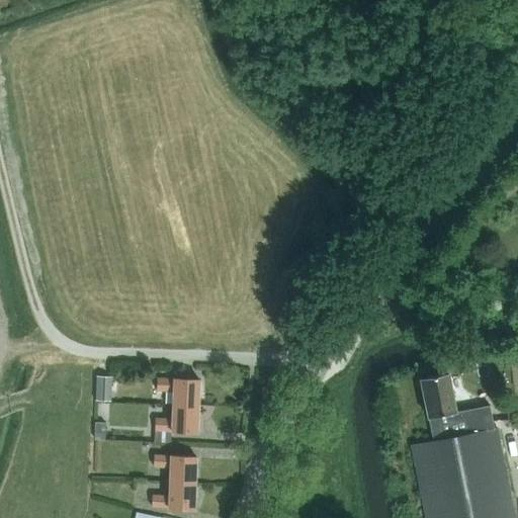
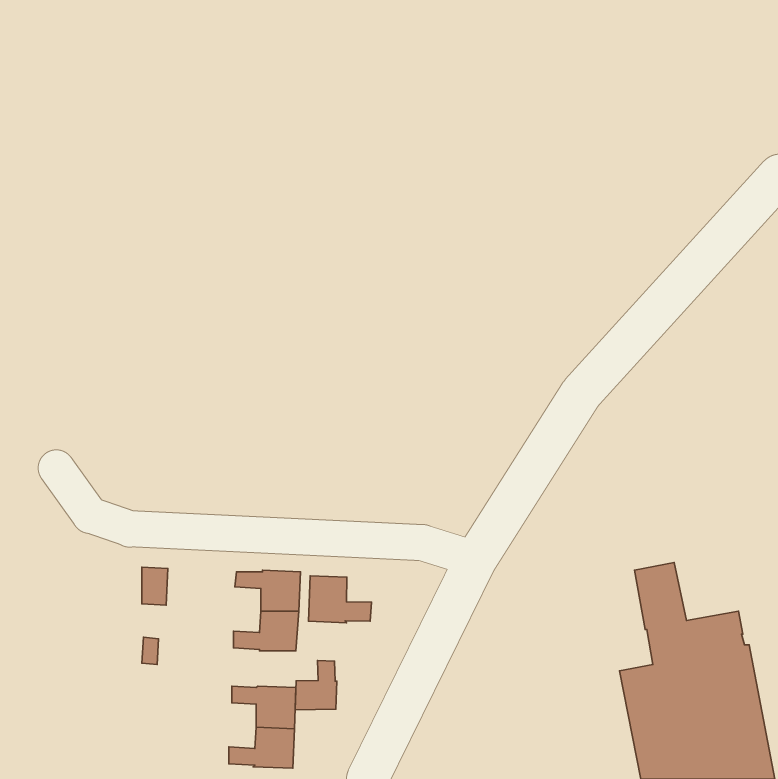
building: none -> [308,576,371,623]
building: none -> [295,661,337,710]

